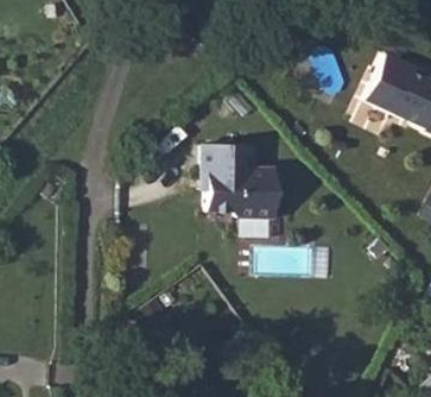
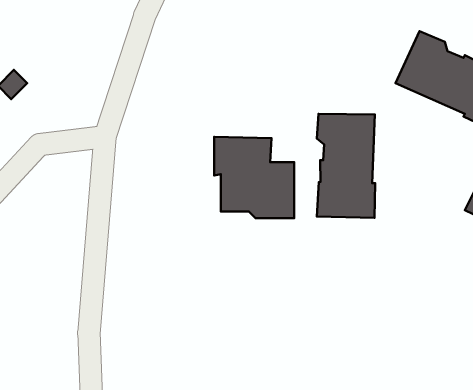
building: none -> [317,114,375,218]

